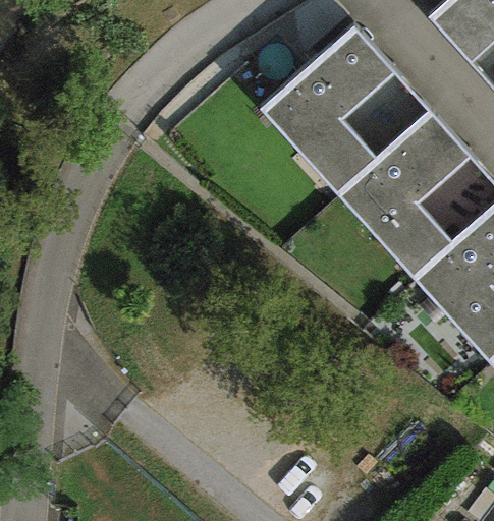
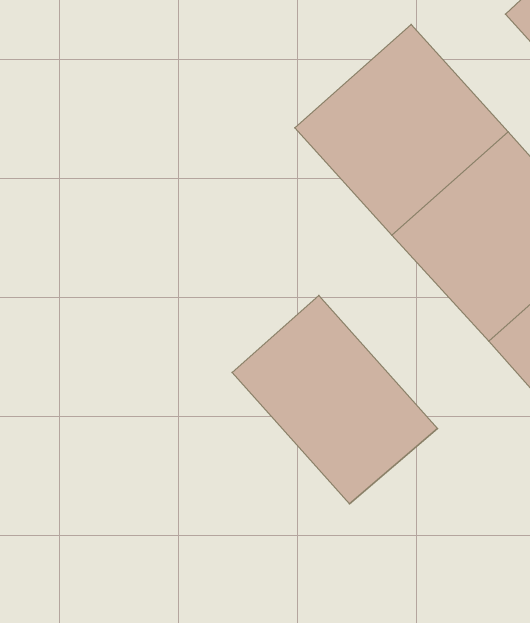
building: none -> [232,295,438,504]

